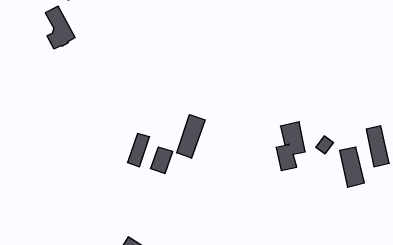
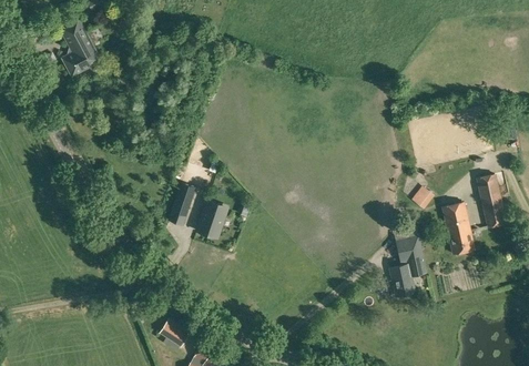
building: [177,115,205,158] -> none
building: [276,122,305,171] -> [389,235,427,298]

